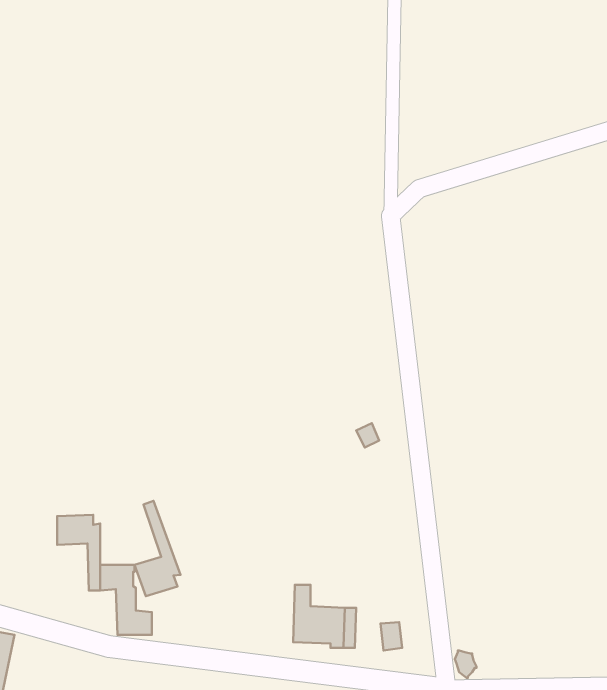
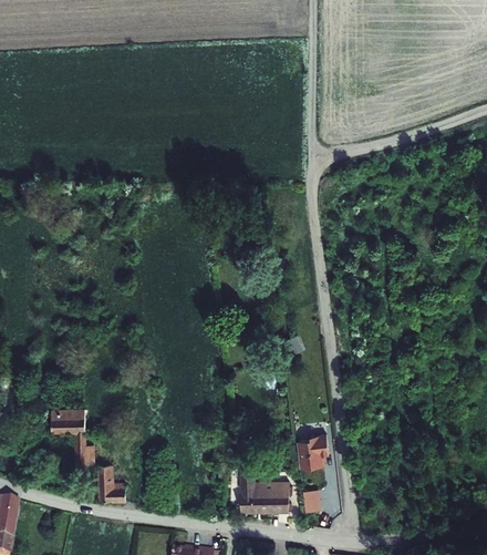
building: [135,501,180,596] -> none
building: none -> [297,439,329,470]

